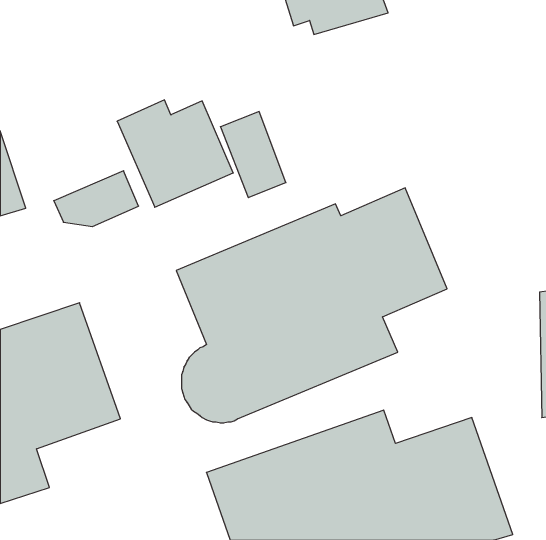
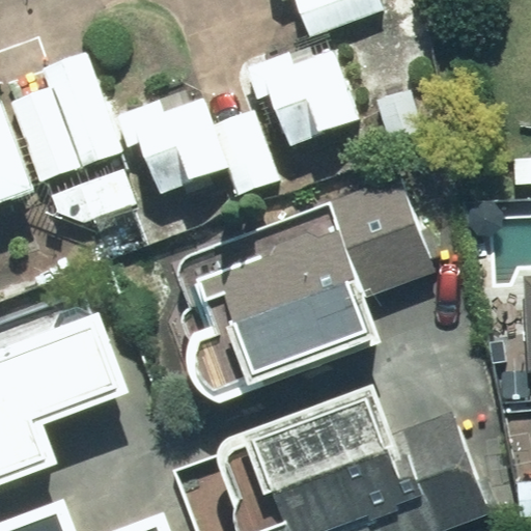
building: none -> [244,40,363,149]
building: none -> [12,49,123,180]

